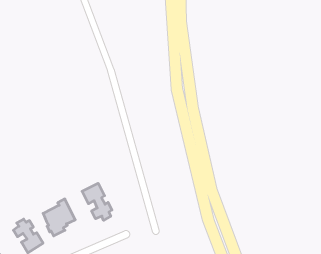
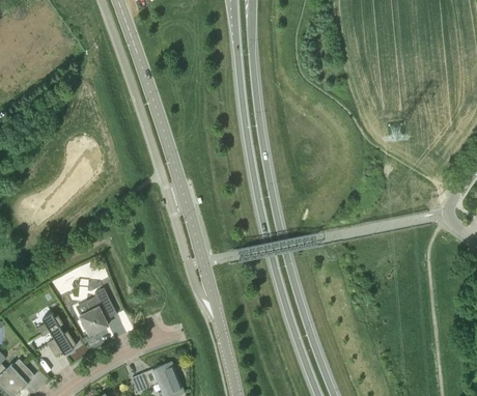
building: [82,183,112,220] -> none

